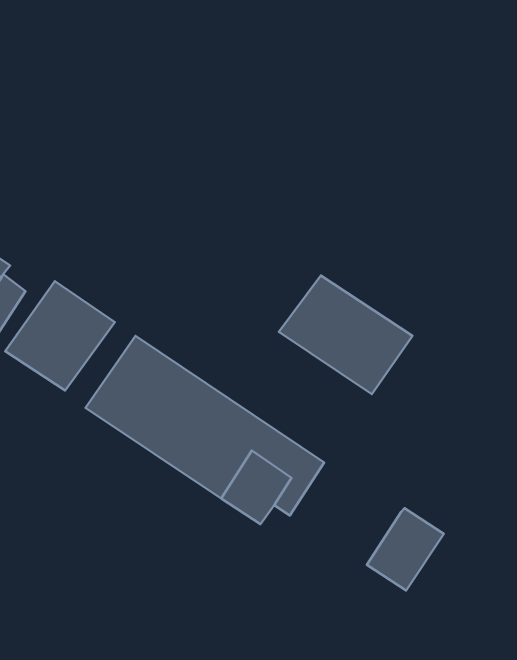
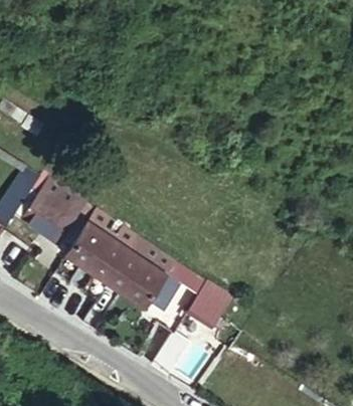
building: [279,275,413,394] -> none
building: [367,508,444,590] -> [187,283,232,332]

